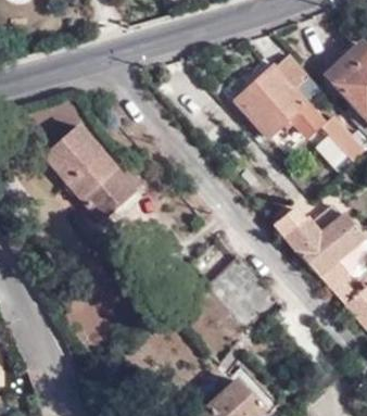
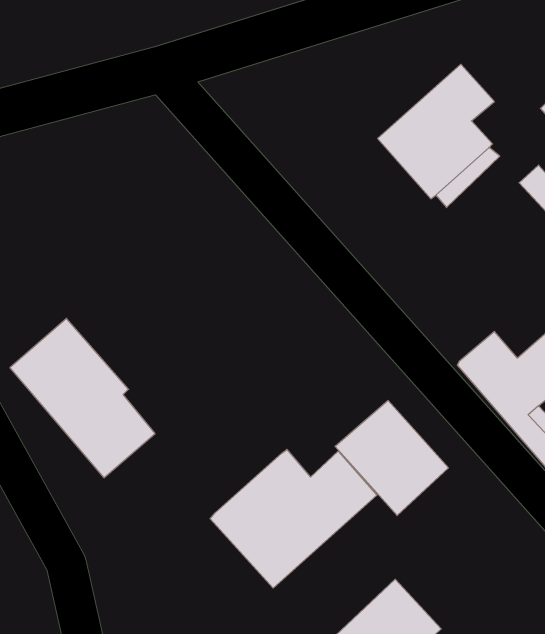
building: [42,124,131,222] -> [10,318,155,478]
building: none -> [210,449,377,588]

